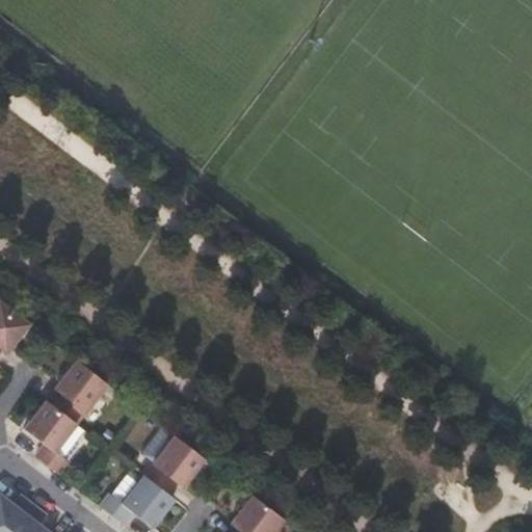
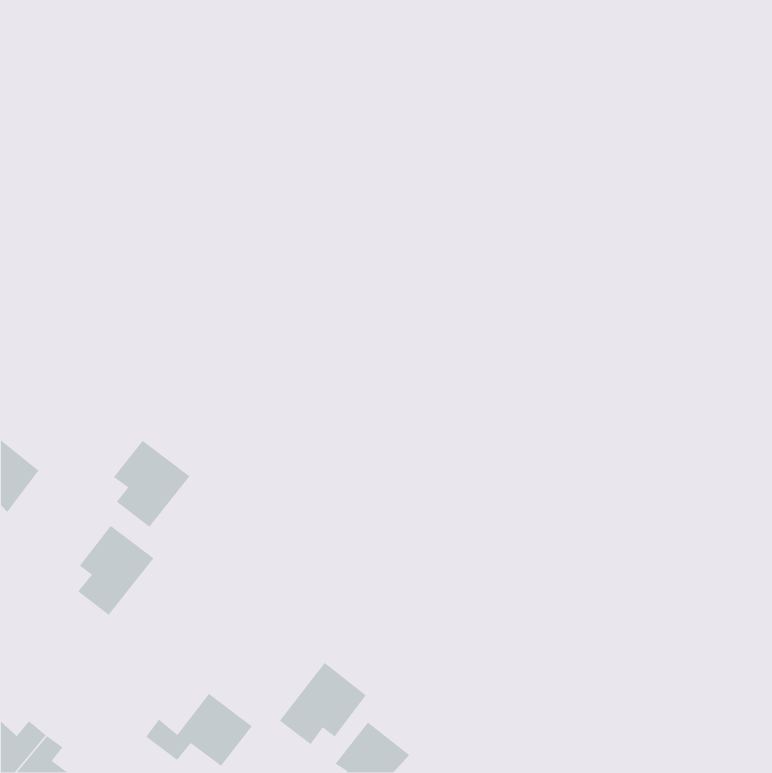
building: none -> [113,440,190,528]
building: [24,400,76,474] -> none
building: [144,435,205,493] -> [279,662,367,745]

